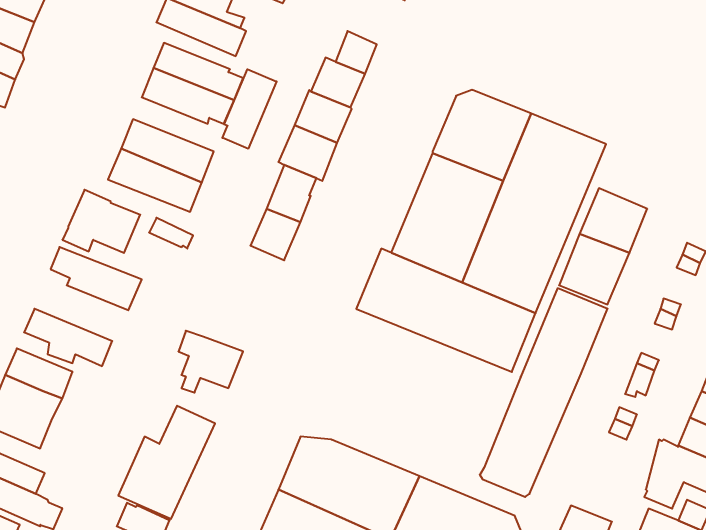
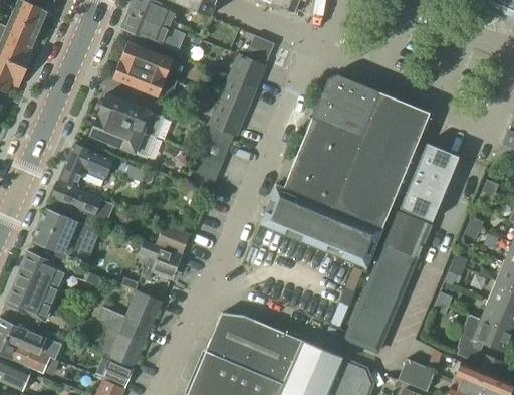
building: [222,69,277,149] -> none
building: none -> [40,209,100,246]
building: none -> [156,223,190,253]

